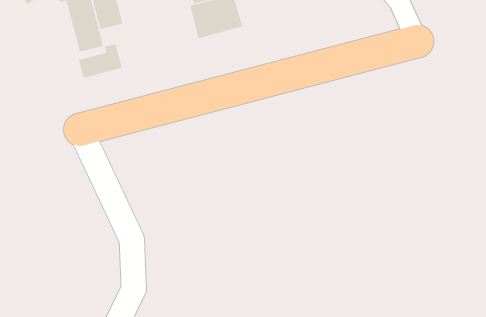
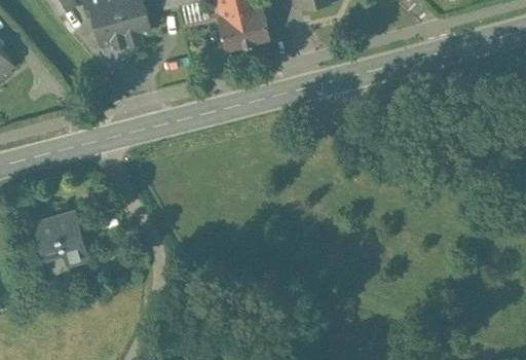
building: [78,43,123,79] -> none
building: none -> [35,214,87,264]

